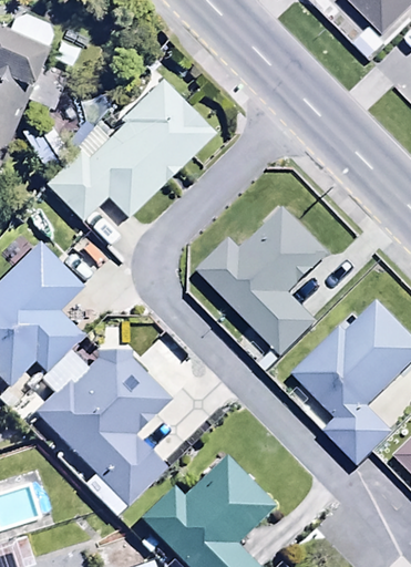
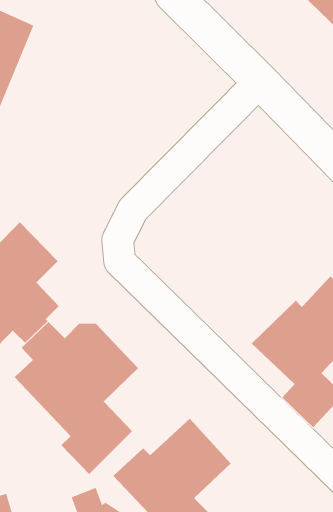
building: [44,79,214,220] -> none
building: [195,206,330,354] -> none

